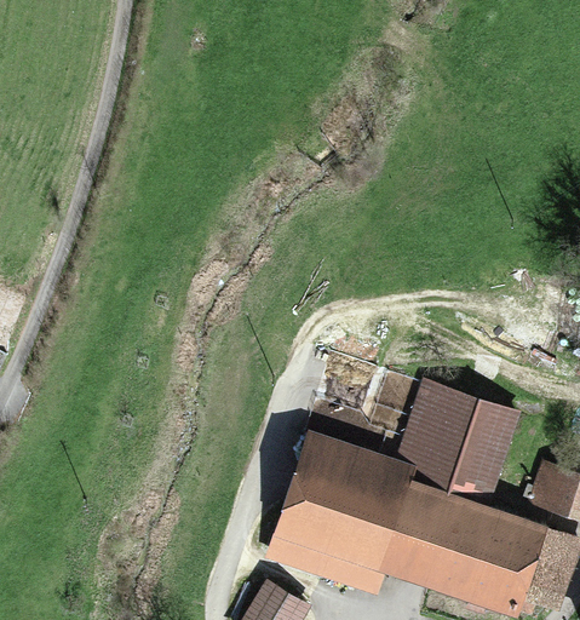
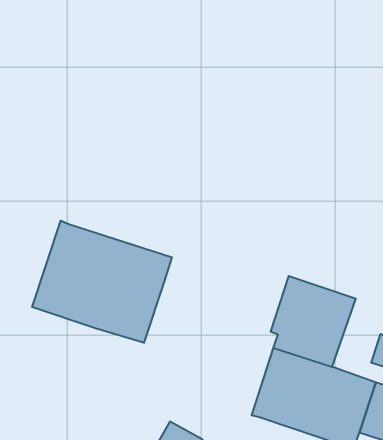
building: none -> [32,221,172,343]
building: [266,430,410,593] -> none

